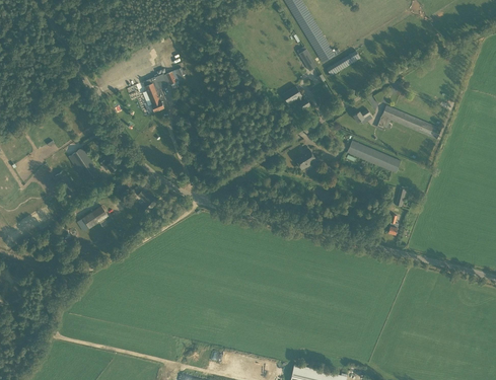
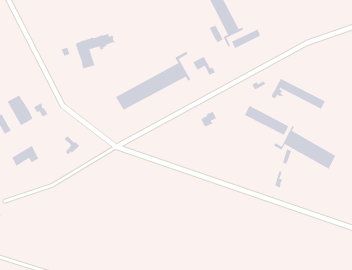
building: none -> [115,51,191,110]
building: none -> [273,125,336,170]

